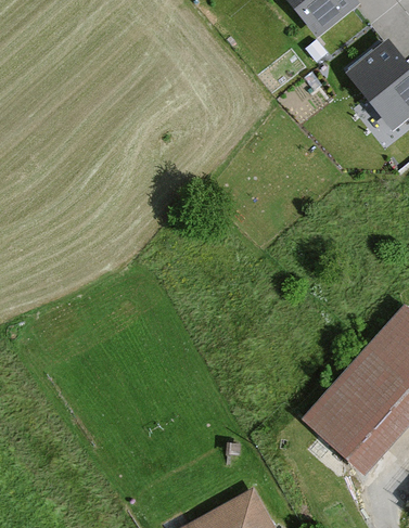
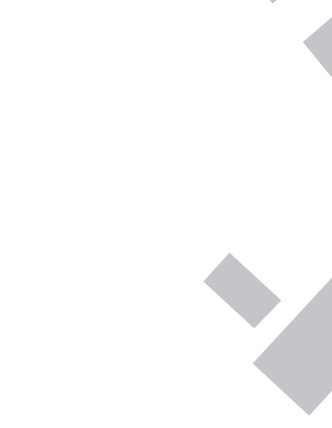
building: none -> [203,252,282,329]

